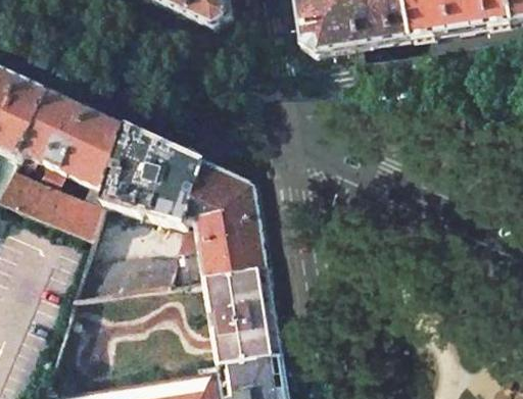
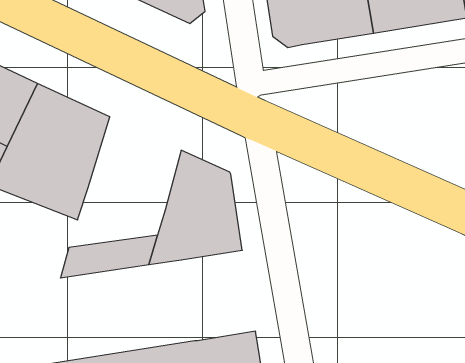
building: [103,128,203,228] -> none
building: [203,270,283,367] -> none

